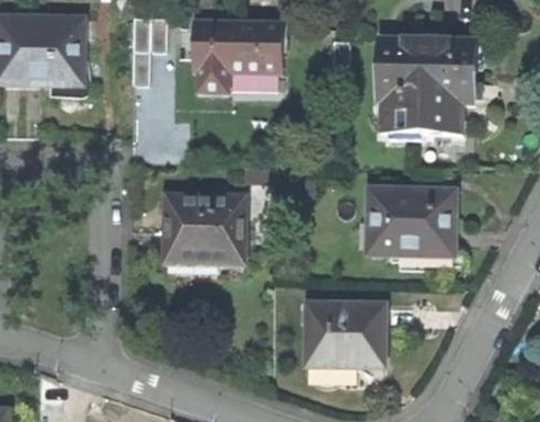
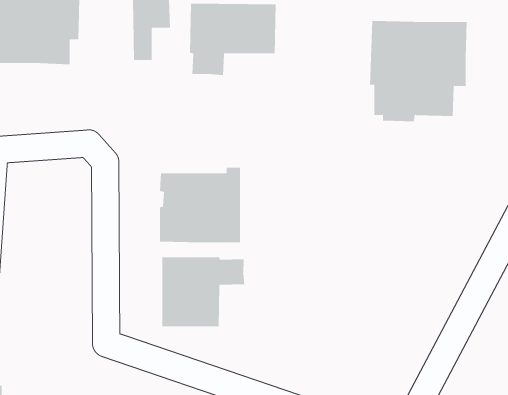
building: [370,190,457,255] -> none
building: none -> [162,256,245,327]
building: [308,305,386,366] -> none

